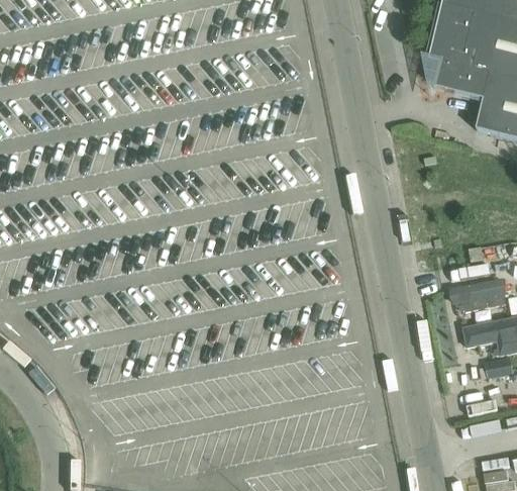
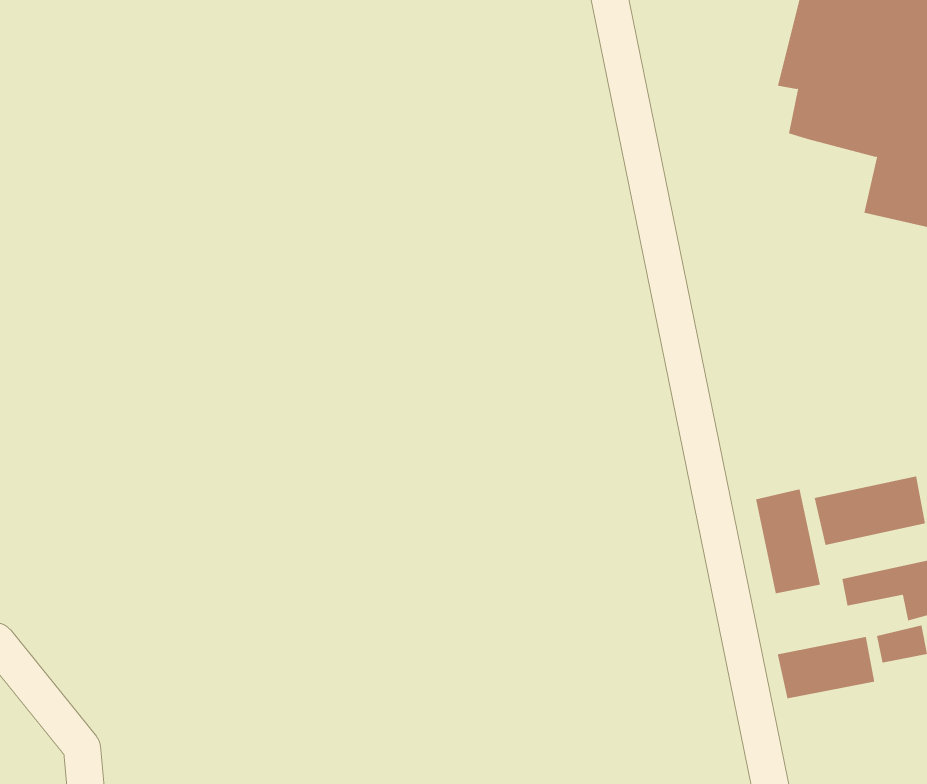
building: none -> [755,488,821,594]
building: none -> [777,636,875,699]

